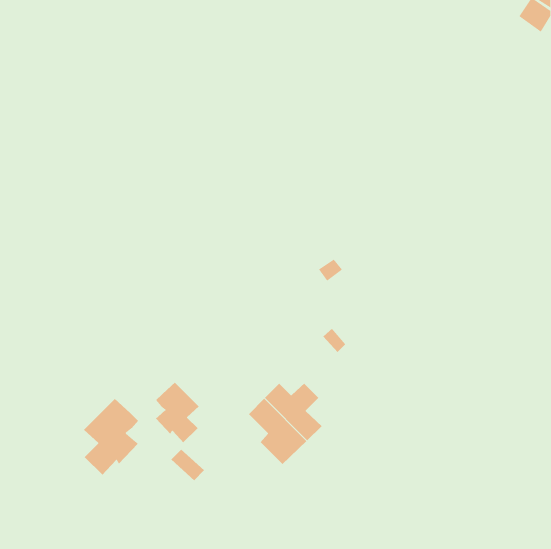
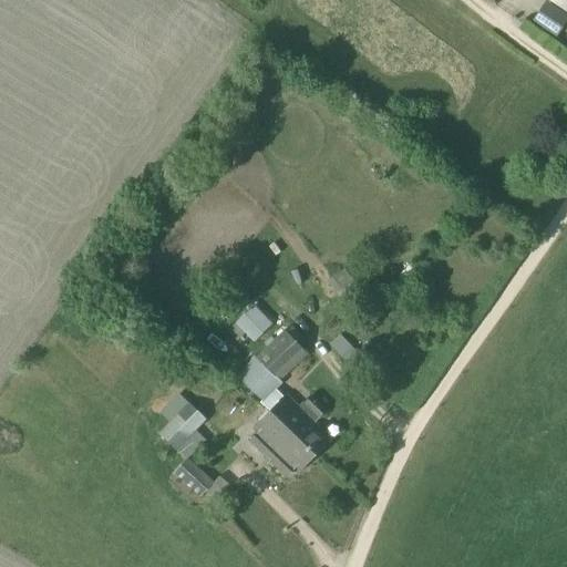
building: none -> [228,306,269,340]
building: none -> [236,328,307,401]
building: [83,398,139,476] -> none

